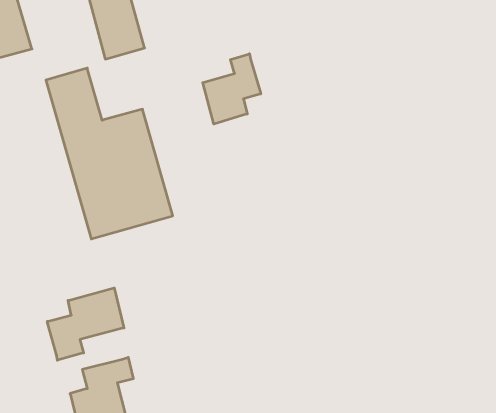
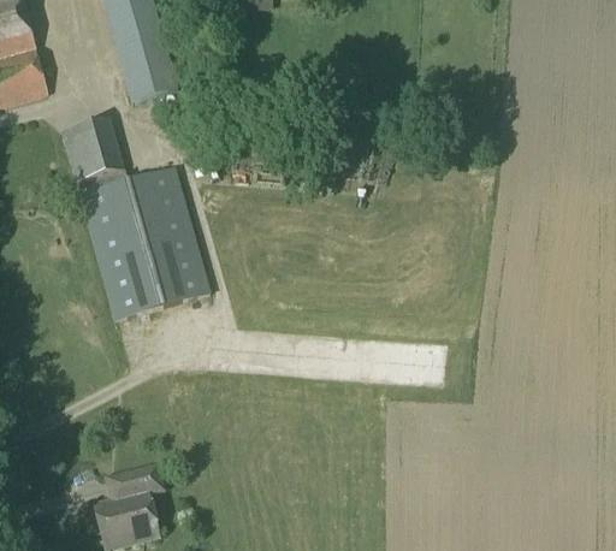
building: [203,54,261,124] -> none
building: [47,288,124,360] -> none

